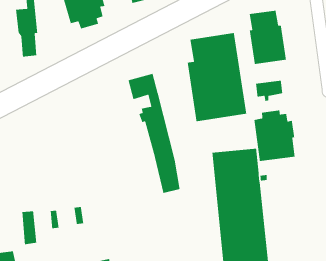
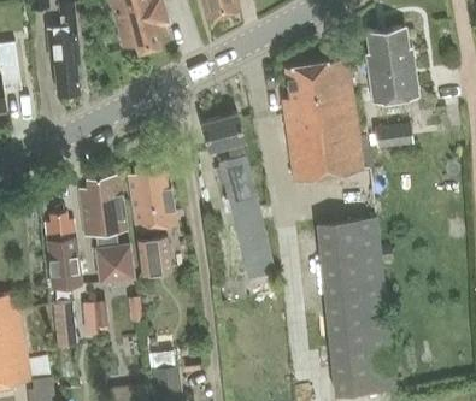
building: none -> [129,164,177,272]
building: [253,110,296,162] -> none
building: none -> [80,176,129,278]
building: none -> [46,213,81,289]

